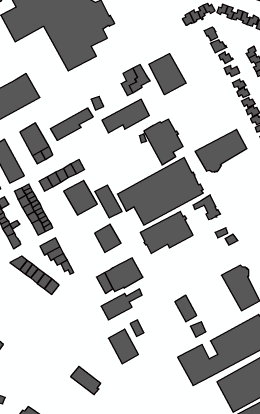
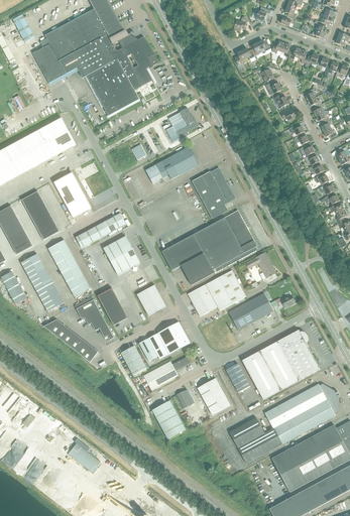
building: [149,54,186,95] -> none
building: [50,108,93,140] -> none
building: [195,129,247,172] -> none
building: [95,185,122,218] -> [98,287,128,324]
building: none -> [228,292,273,329]
building: none -> [242,340,300,399]
building: none -> [121,344,147,374]
building: none -> [198,377,230,413]
building: [71,366,101,395] -> [68,441,101,473]

